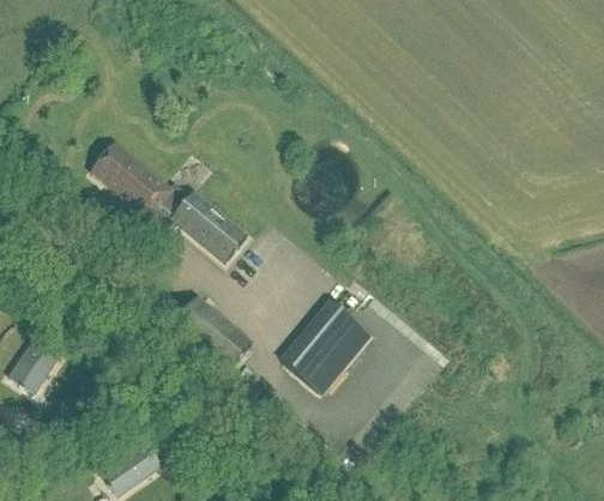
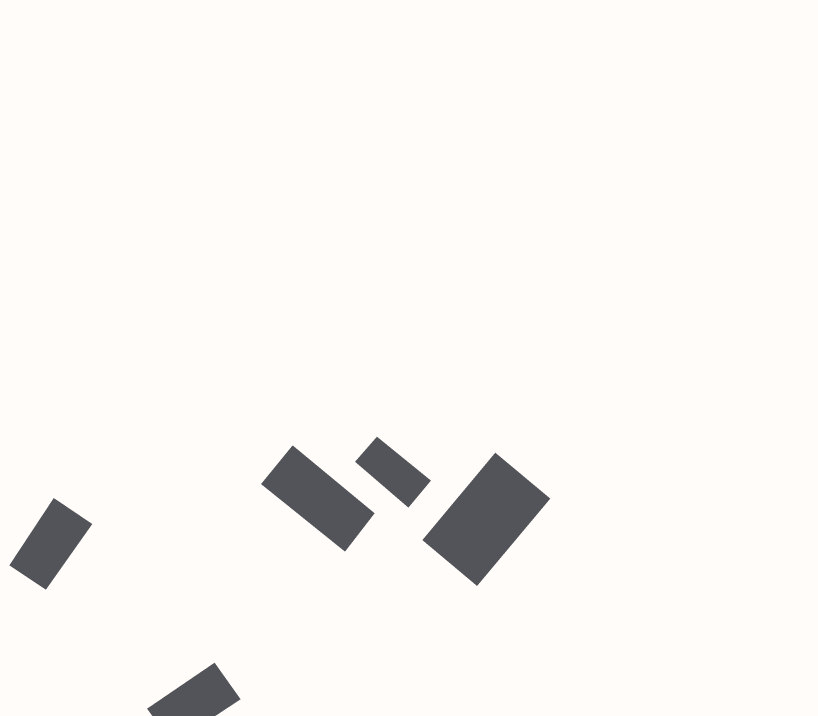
building: [90,143,246,262] -> none
building: none -> [354,435,432,509]

